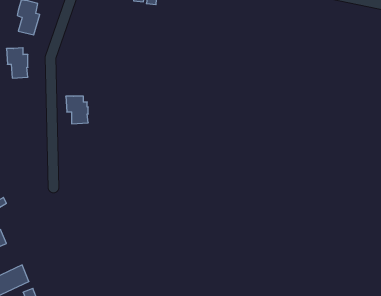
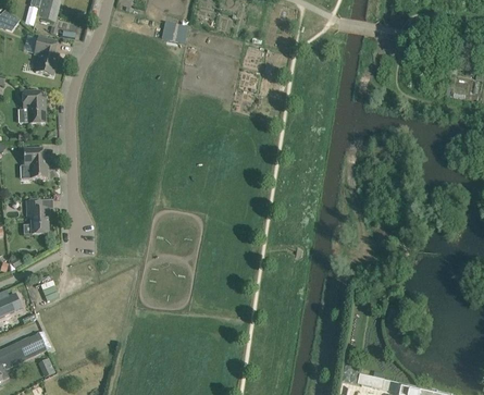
building: [66,96,88,124] -> [22,147,47,177]
building: none -> [25,199,49,233]

